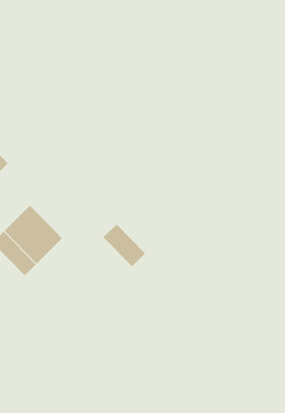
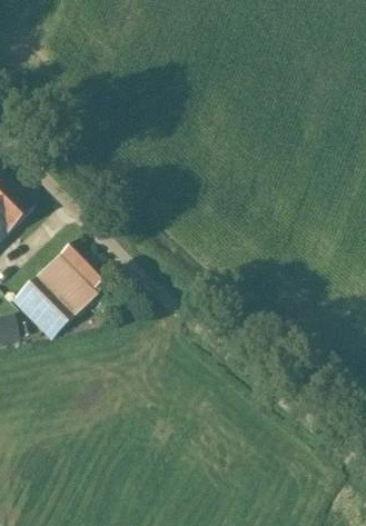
building: [103,224,146,267] -> [56,240,106,290]

